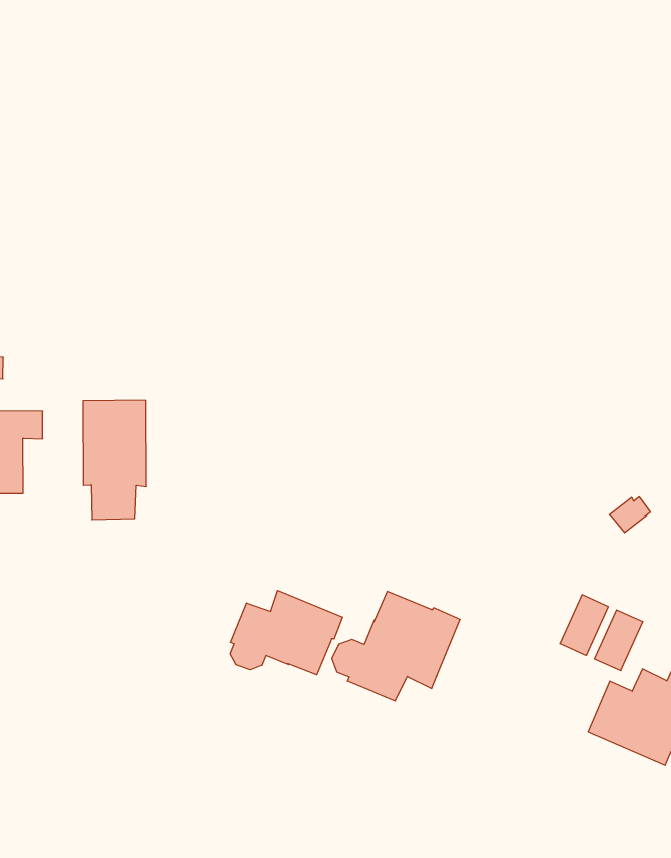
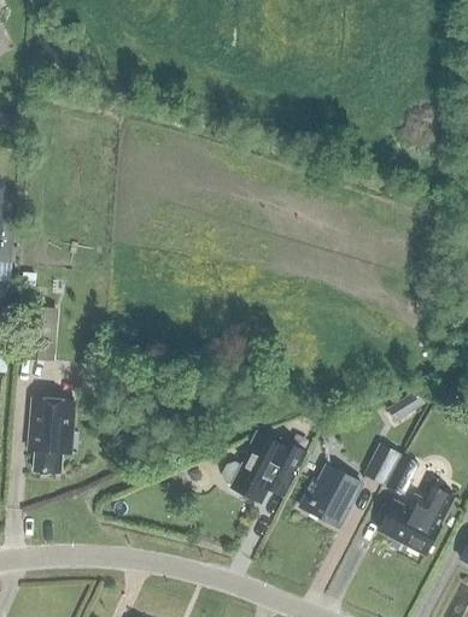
building: [83,400,146,520] -> [30,395,72,470]
building: [230,591,342,675] -> none
building: none -> [298,464,358,525]

